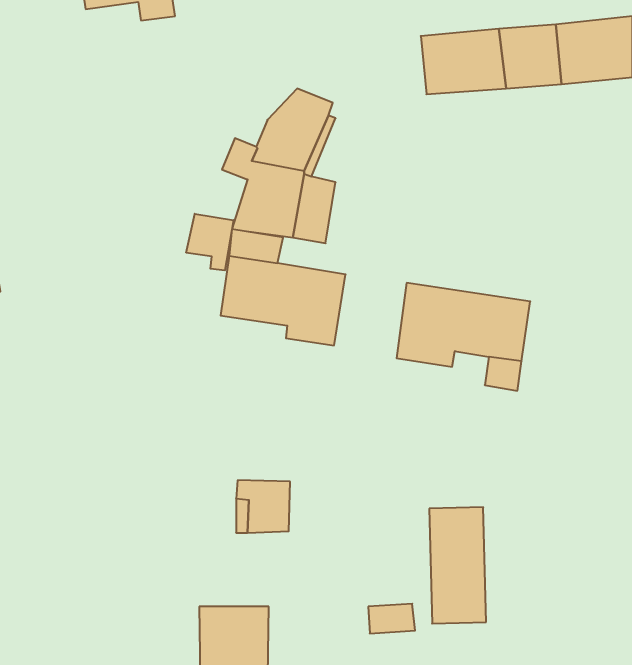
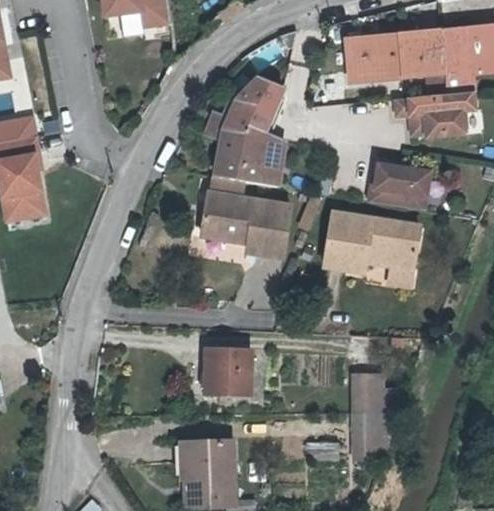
building: none -> [392,90,470,134]
building: none -> [369,163,429,207]
building: [186,214,233,270] -> none

